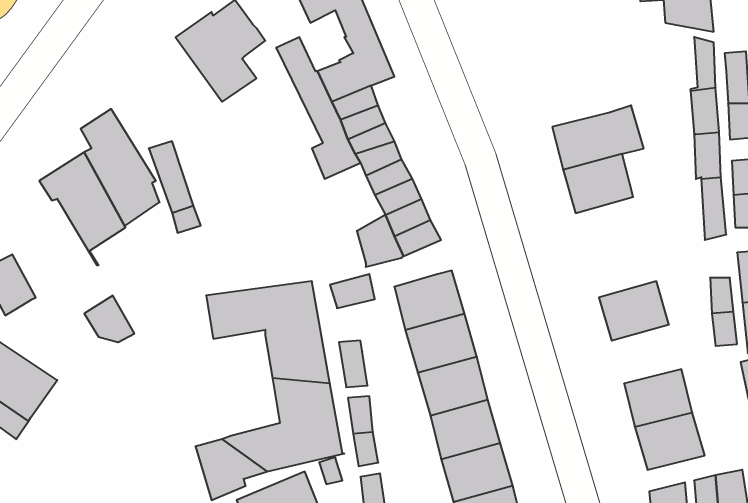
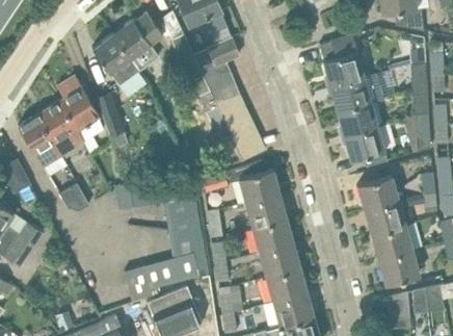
building: none -> [92,34,139,86]
building: none -> [319,35,364,86]
building: none -> [18,118,66,177]
building: none -> [344,127,388,167]
building: none -> [365,201,405,235]

